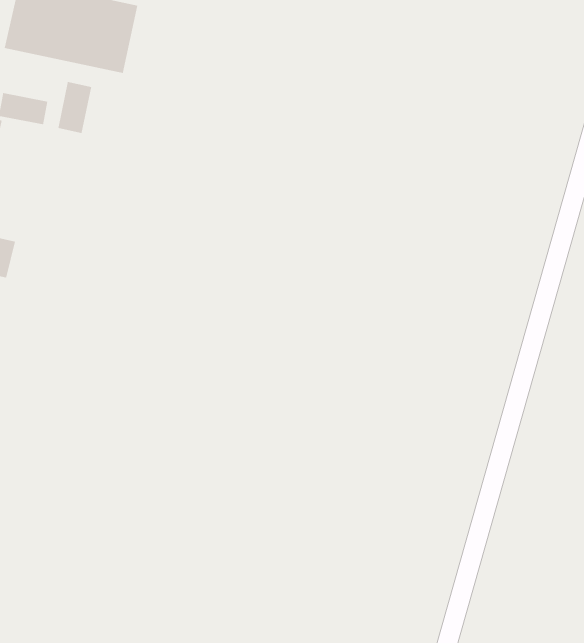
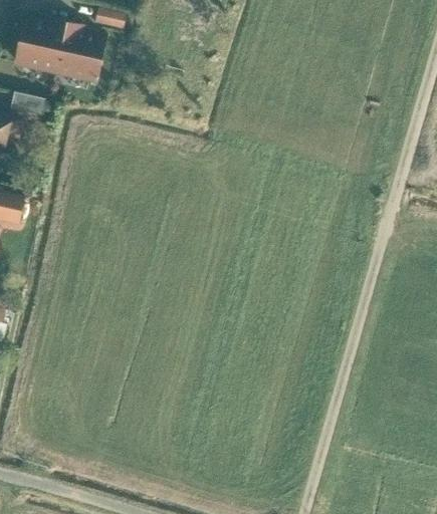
building: [58,81,92,134] -> none

